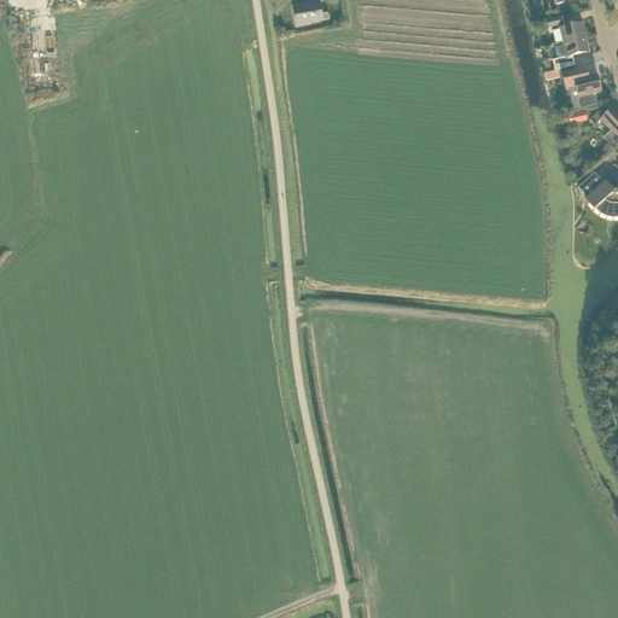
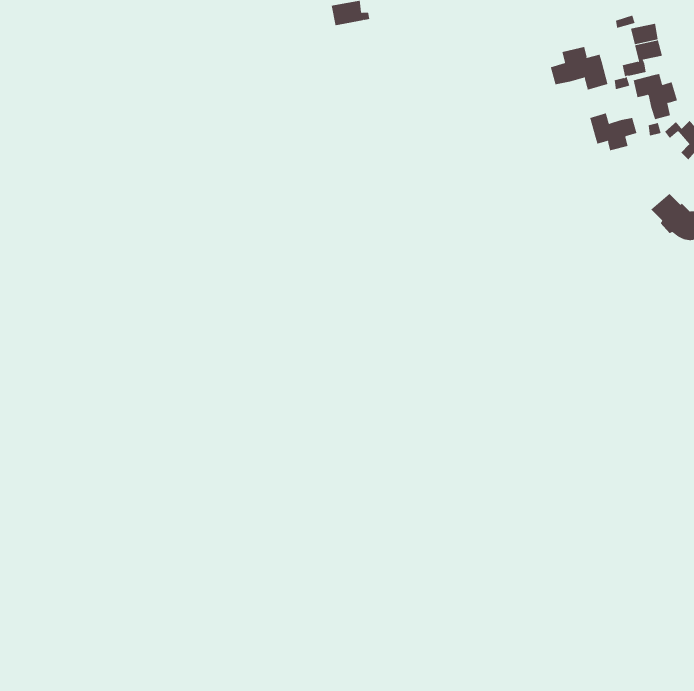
building: none -> [550,46,608,90]
building: none -> [590,112,637,151]

